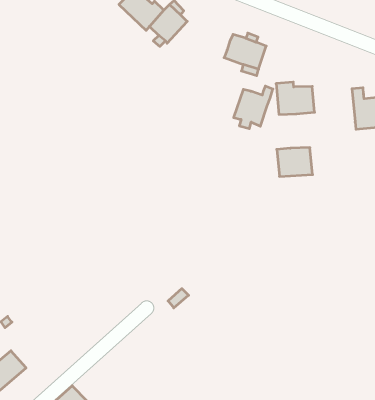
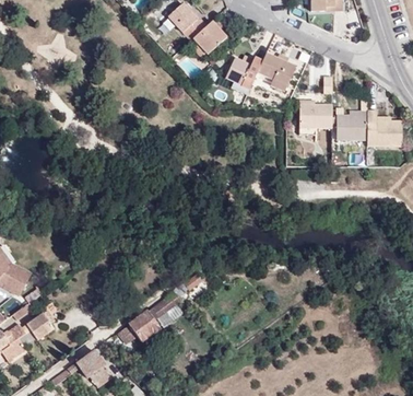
building: [234,86,273,129] -> [225,55,262,91]
building: [277,148,313,176] -> [337,115,366,140]
building: none -> [128,291,182,341]

